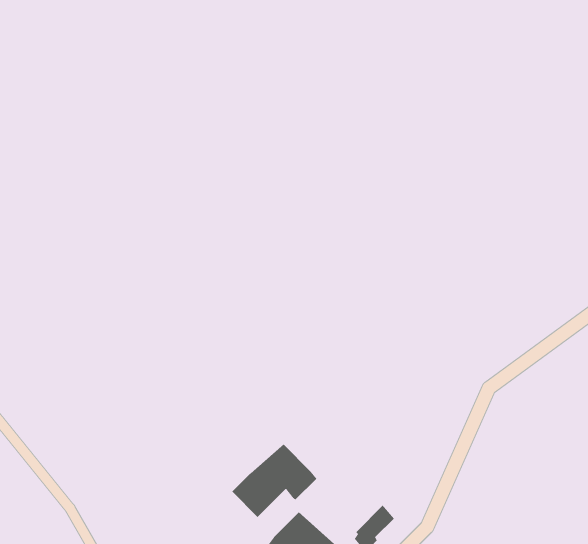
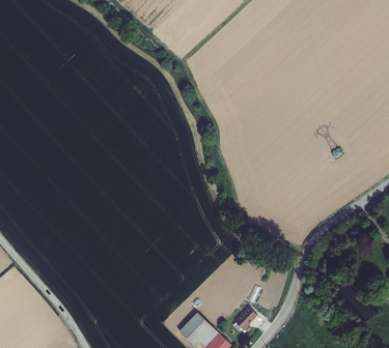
building: [231,443,317,518] -> none

